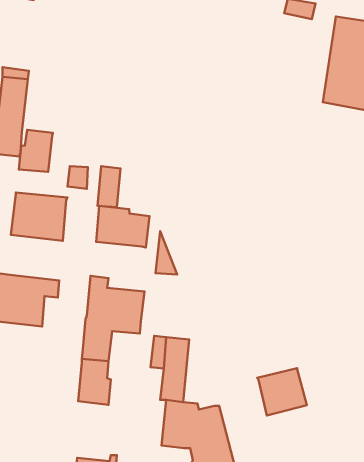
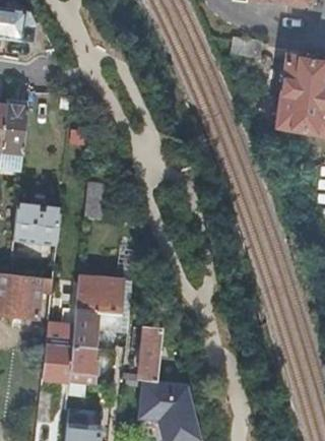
building: [19,130,53,172] -> none
building: [96,206,149,248] -> none
building: none -> [42,309,74,379]
building: [257,368,307,416] -> none

